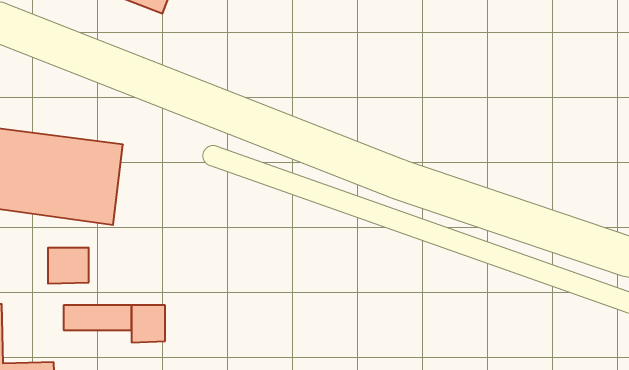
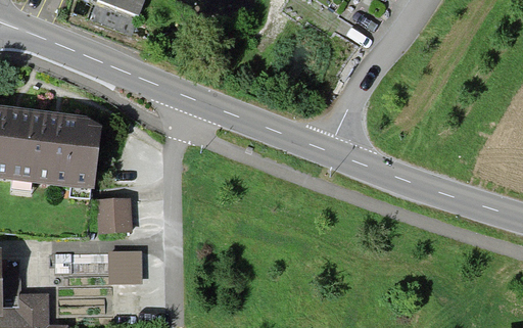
building: [48,248,89,284] -> [96,202,130,232]

